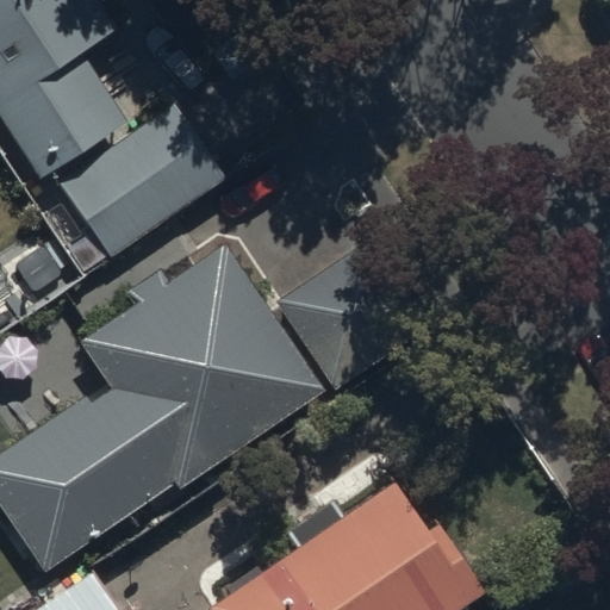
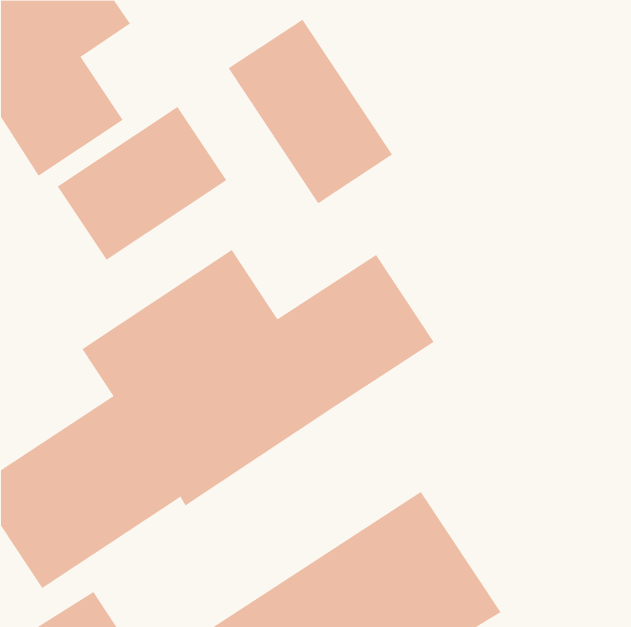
building: none -> [228,19,393,204]

